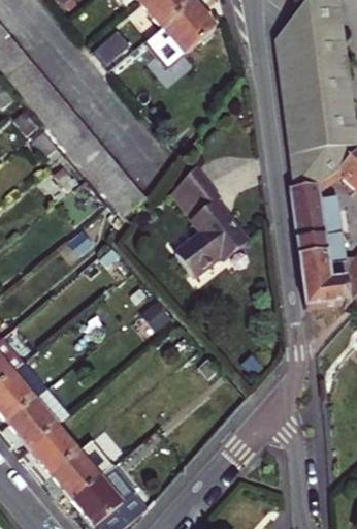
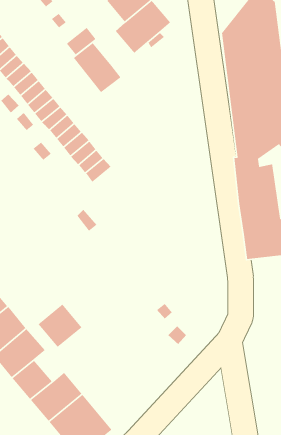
building: none -> [73,42,122,93]
building: [171,166,247,276] -> none
building: none -> [37,304,83,348]

